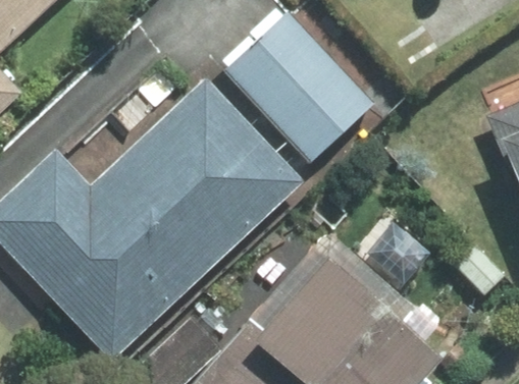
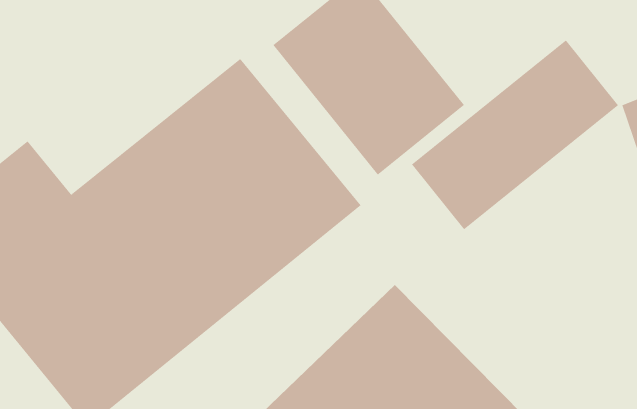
building: none -> [411,40,619,230]

